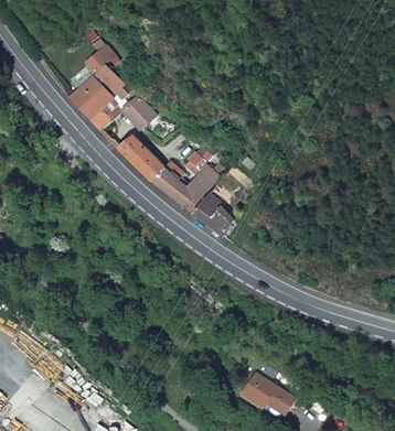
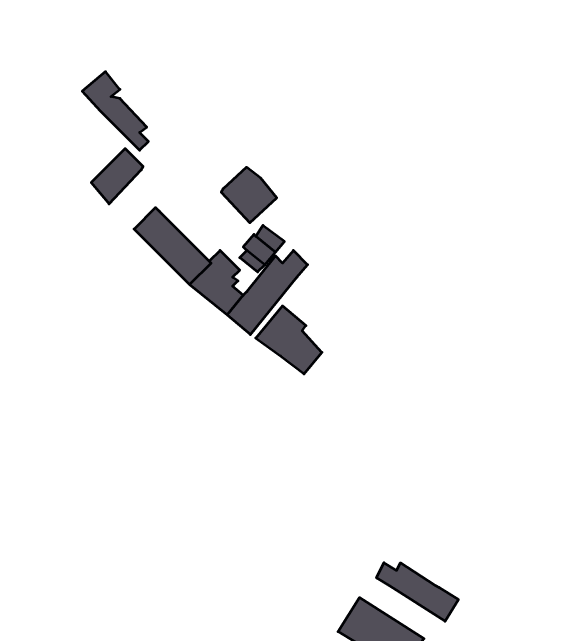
building: [70,74,116,118] -> none
building: [121,95,156,129] -> [221,167,277,223]
building: none -> [377,563,458,621]

